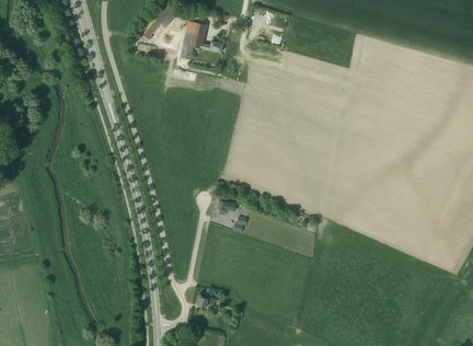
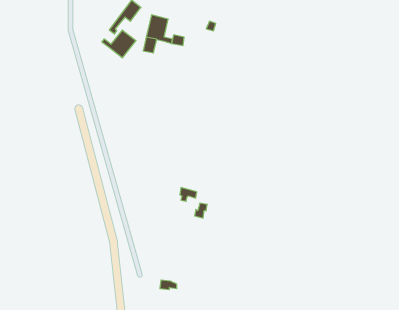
building: none -> [102,30,136,58]

